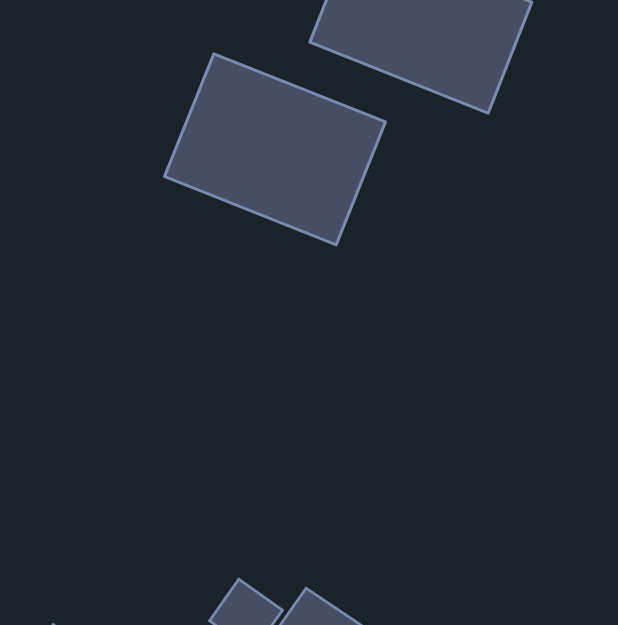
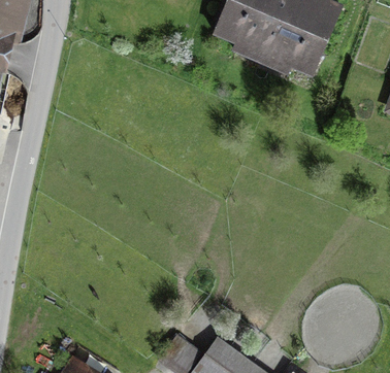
building: [165,54,386,245] -> none

